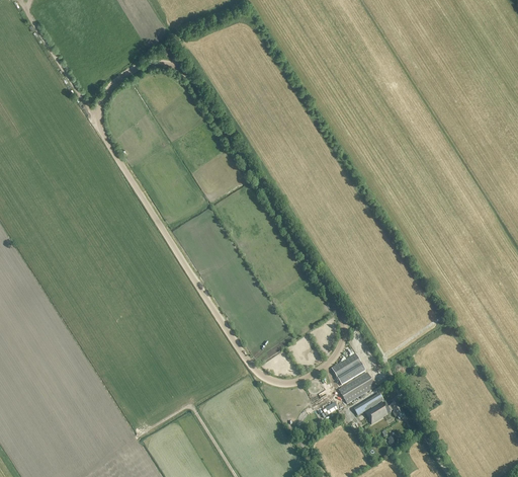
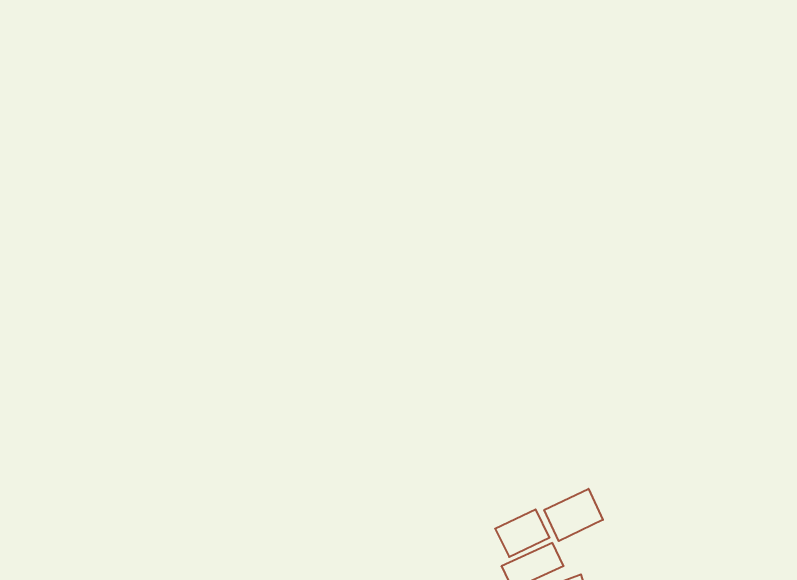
building: none -> [544,489,603,541]

